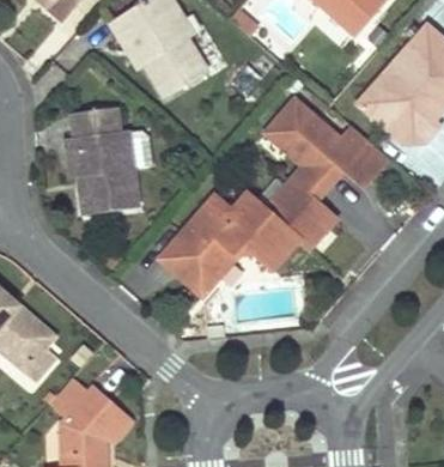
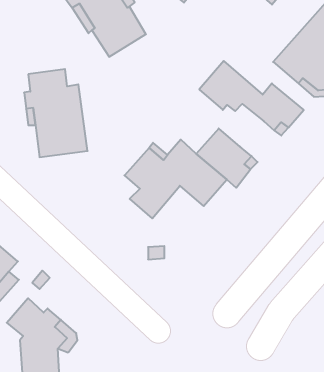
building: [291,151,343,201] -> none
building: [160,235,213,297] -> none

